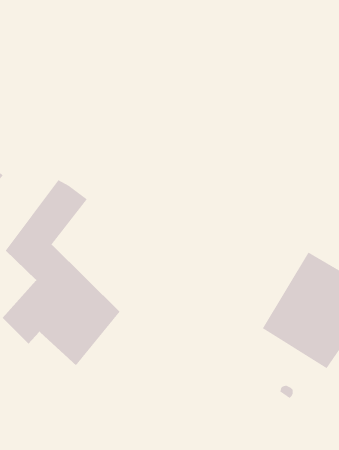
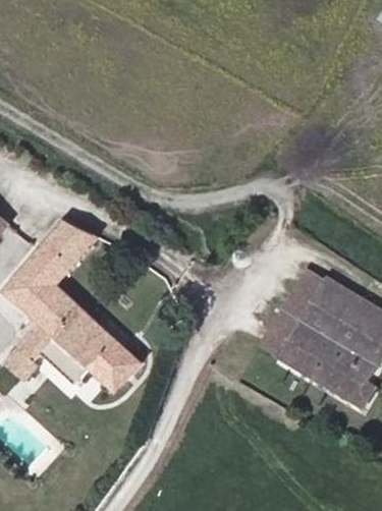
building: none -> [258,277,325,366]

